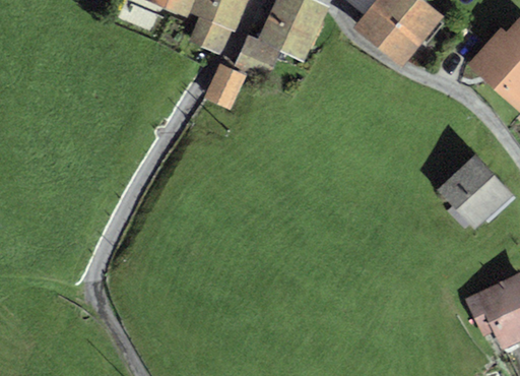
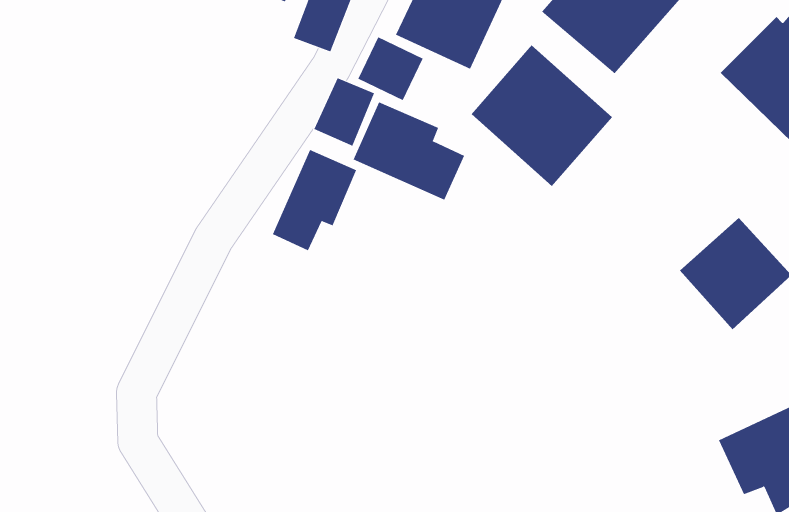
building: none -> [471,44,613,187]
building: none -> [353,102,465,200]
building: none -> [272,149,357,251]

